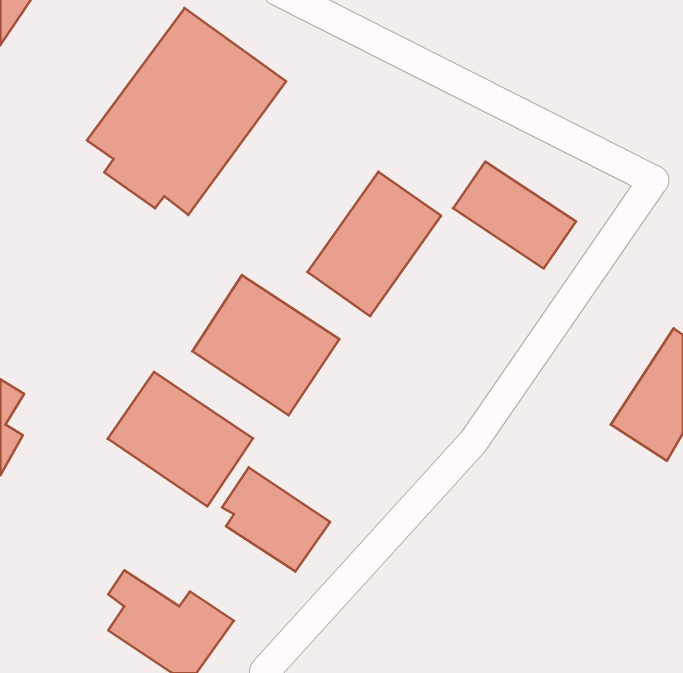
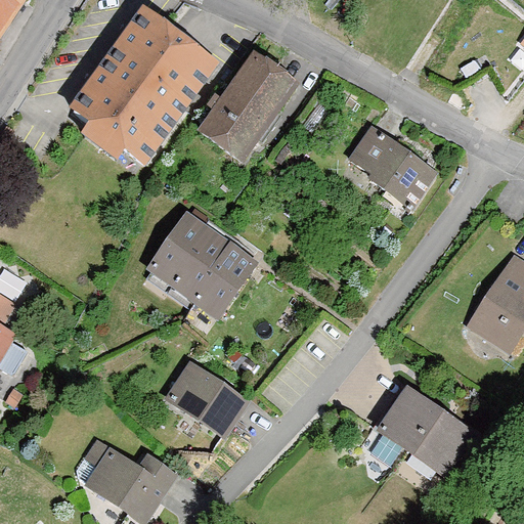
building: [307,172,441,316] -> [198,51,300,162]
building: [108,372,253,506] -> none
building: none -> [377,385,476,476]

